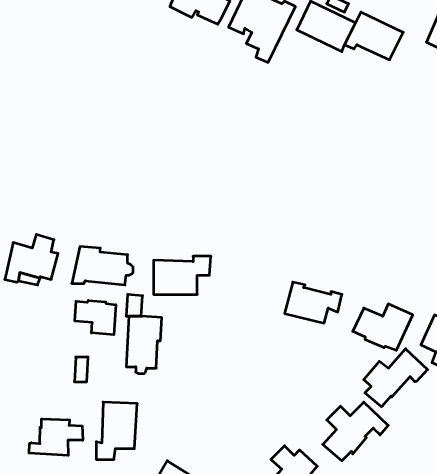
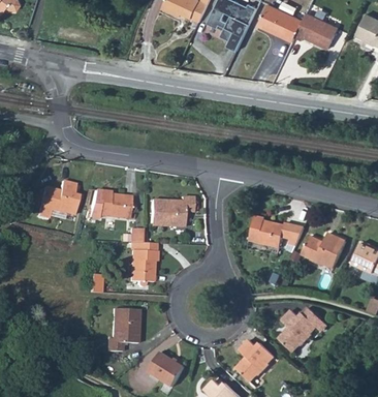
building: [75,300,116,335] -> none
building: [364,349,428,407] -> none
building: [29,419,83,455] -> none

